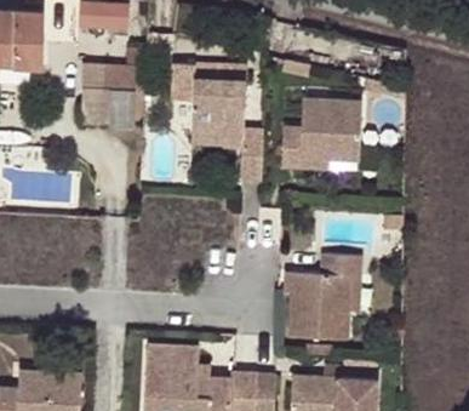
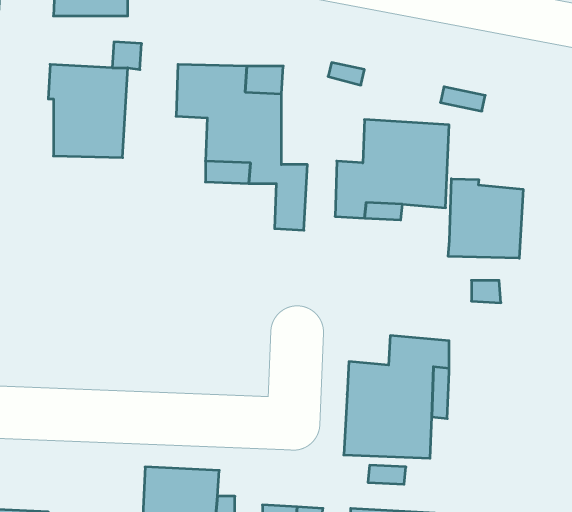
building: none -> [448,179,523,258]

